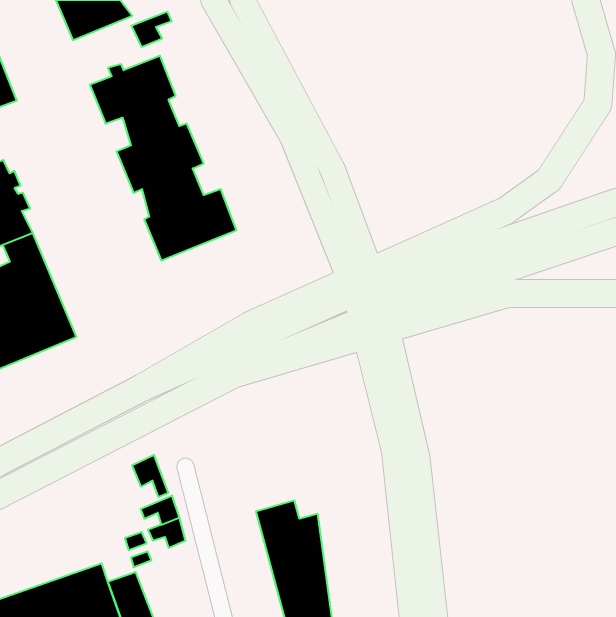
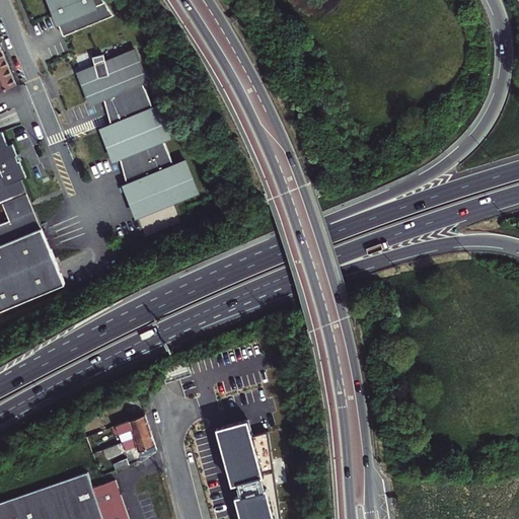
building: [131,12,171,47] -> none
building: [132,455,168,497] -> none

